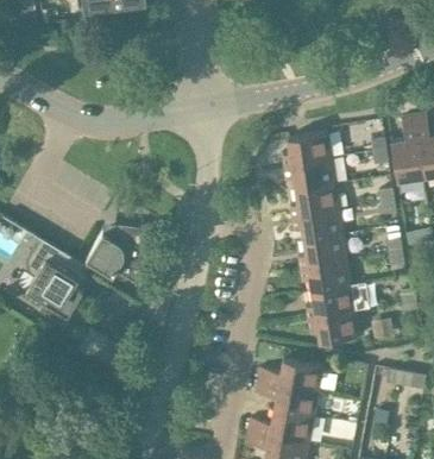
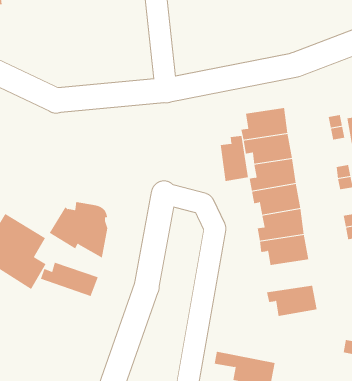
building: none -> [220,135,248,182]
building: [304,285,369,321] -> none
building: none -> [40,262,99,297]
building: [256,359,321,394] -> none

